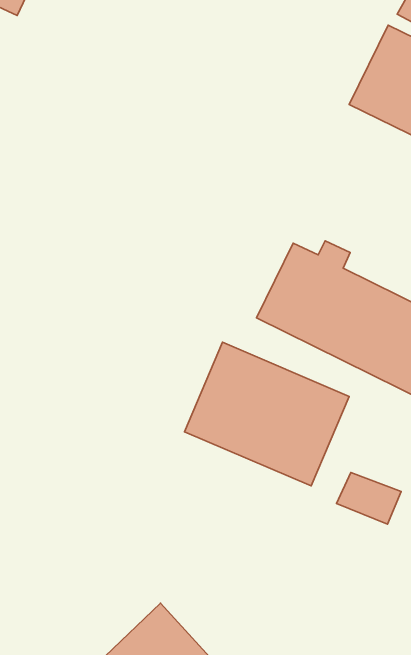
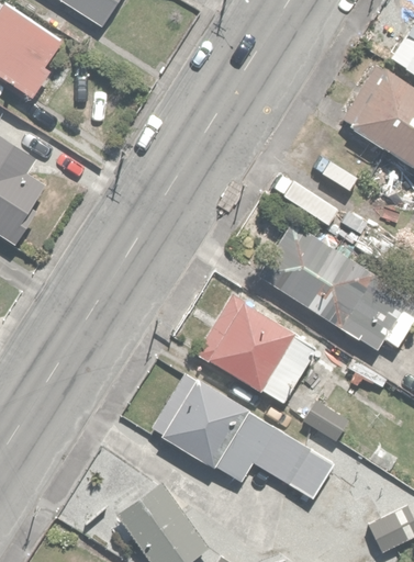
building: none -> [155,376,333,497]

